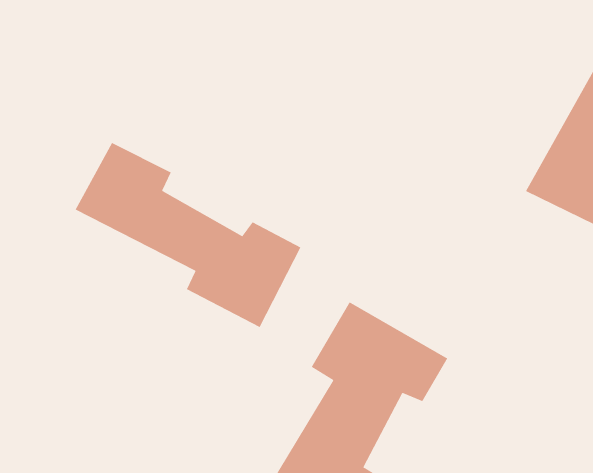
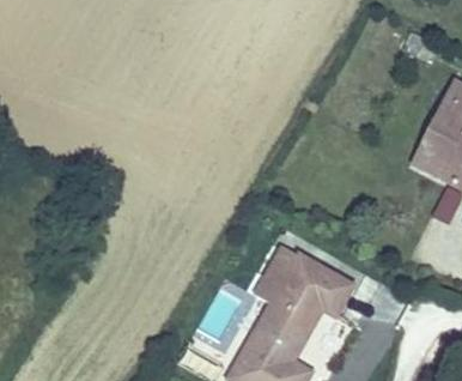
building: [75,142,301,328] -> none

